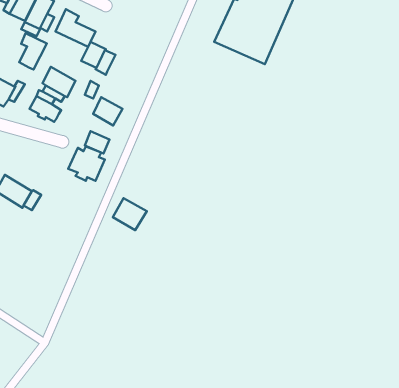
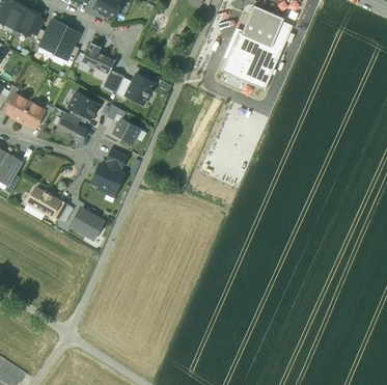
building: [19,33,47,70] -> none
building: none -> [126,74,154,104]
building: [113,198,147,230] -> [72,210,102,238]

